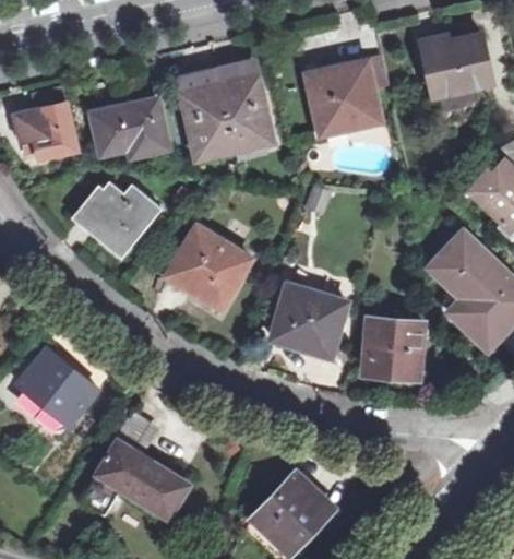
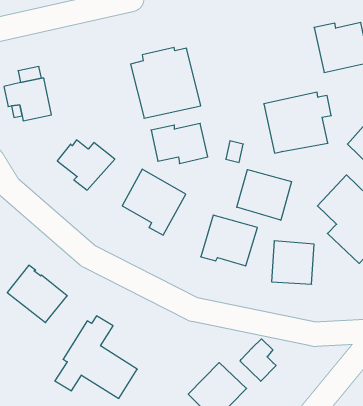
building: [297,57,385,136] -> [264,92,331,153]
building: [95,107,169,159] -> [151,123,208,164]
building: none -> [237,170,292,220]
building: none -> [240,339,276,381]

